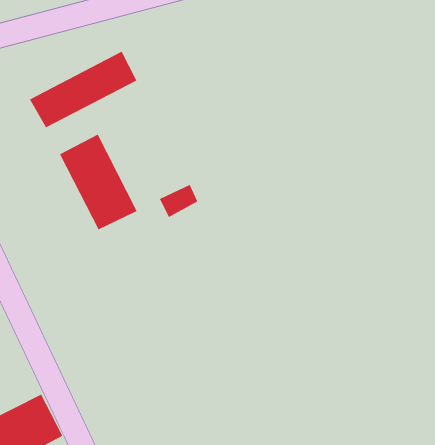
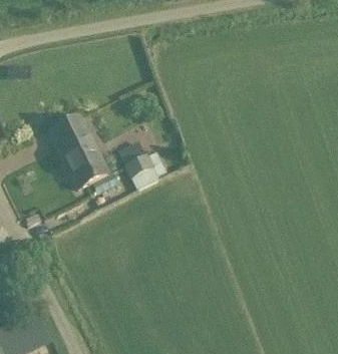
building: [29,51,137,128] -> none

